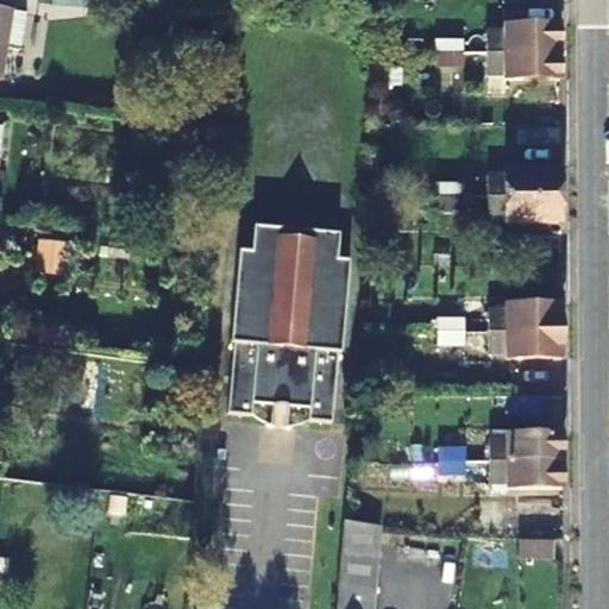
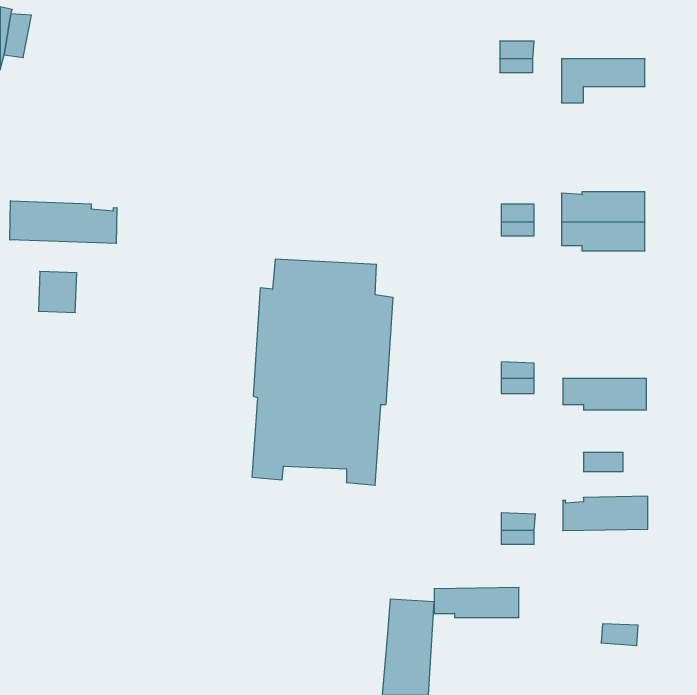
building: [490,23,563,51] -> none
building: none -> [10,201,117,244]
building: [490,300,564,328] -> none
building: [491,459,565,485] -> [434,587,519,618]

